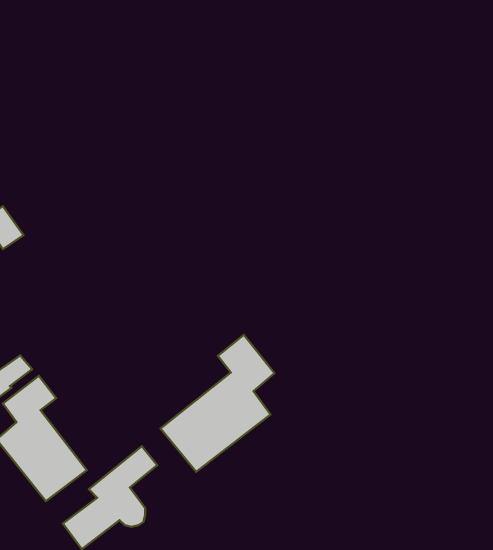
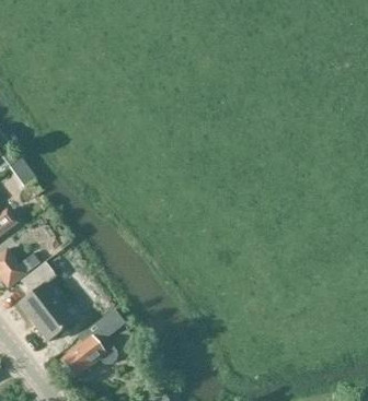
building: [161,335,275,472] -> none

